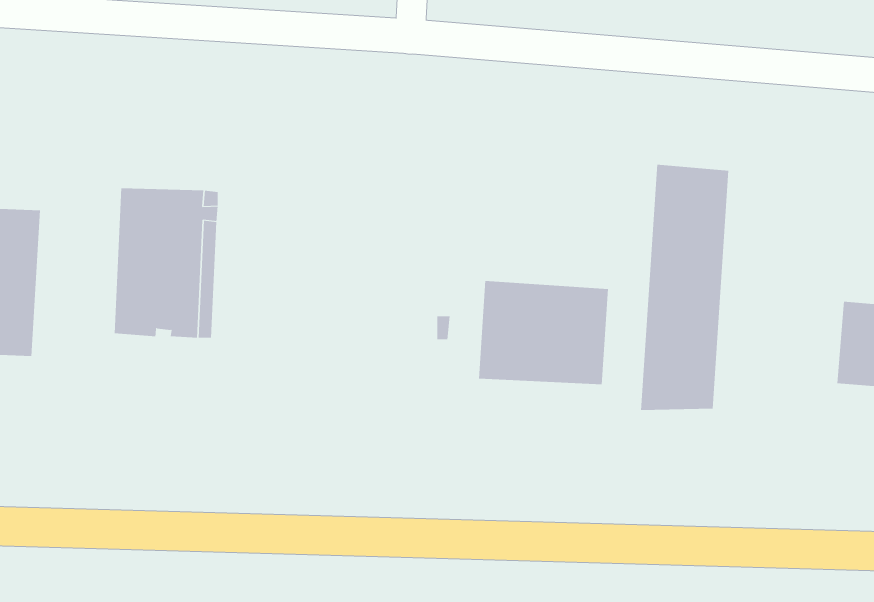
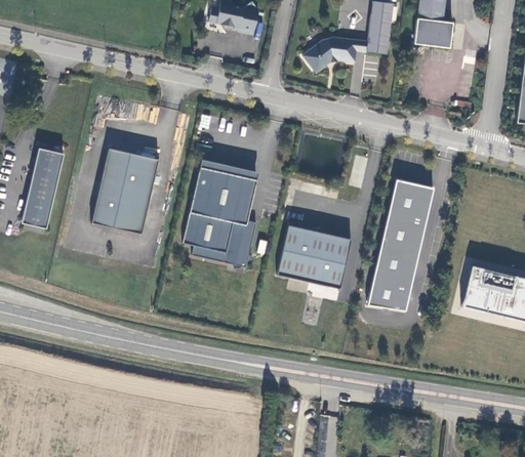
building: none -> [183,164,256,264]

